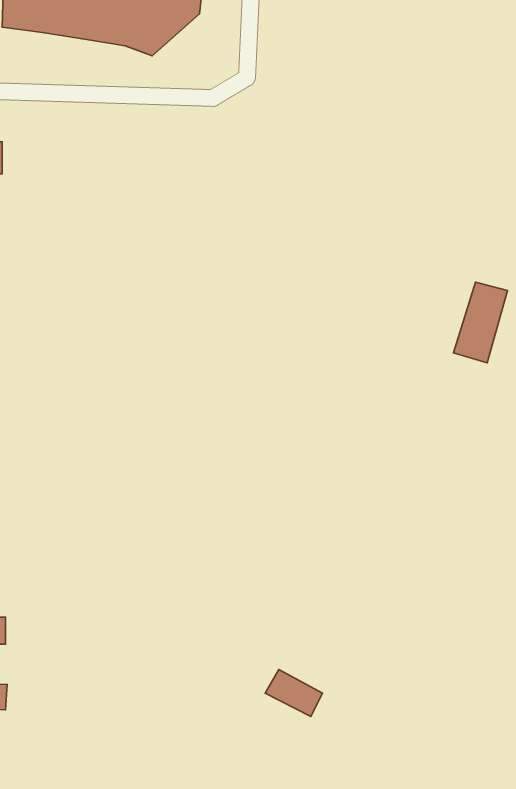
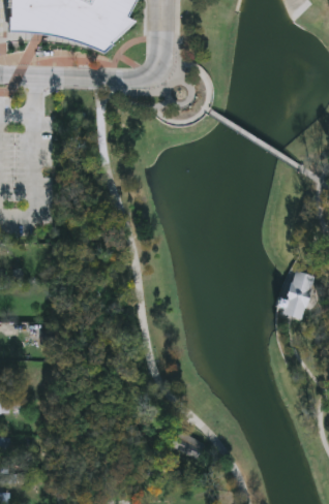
building: [453,282,507,363] -> [279,270,312,319]

